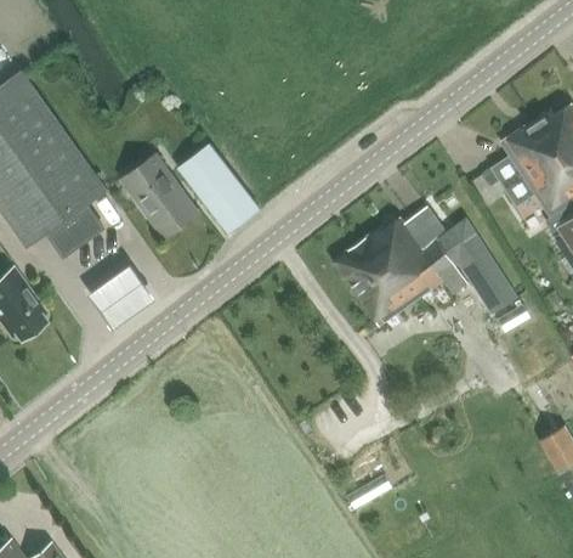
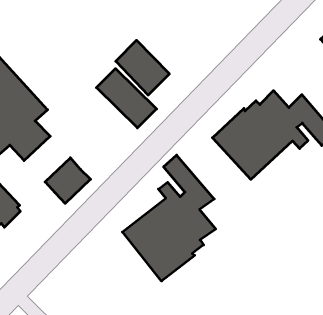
building: [124,157,197,236] -> [116,40,169,95]
building: none -> [122,155,216,281]

